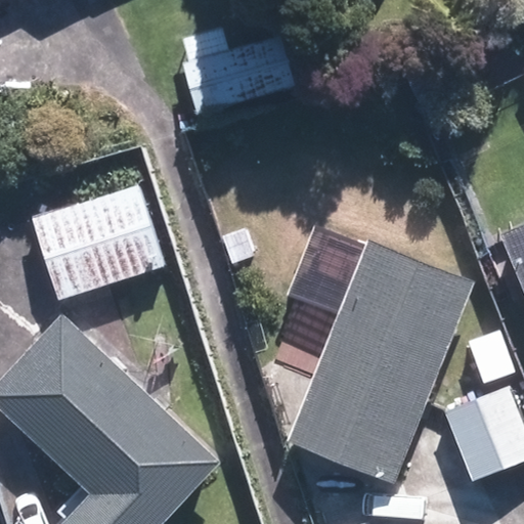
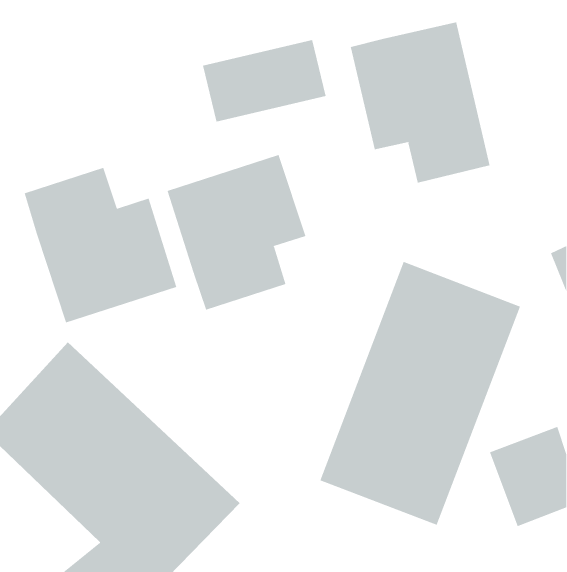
building: none -> [350,21,490,184]
building: none -> [167,154,306,310]

